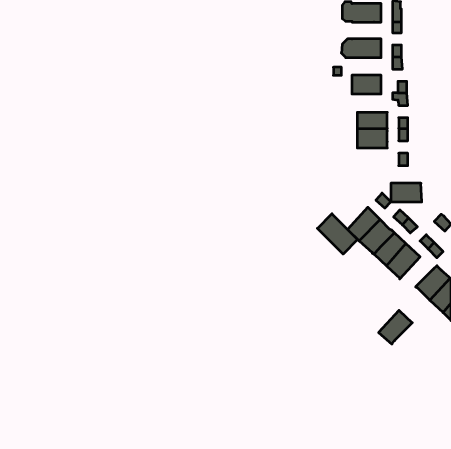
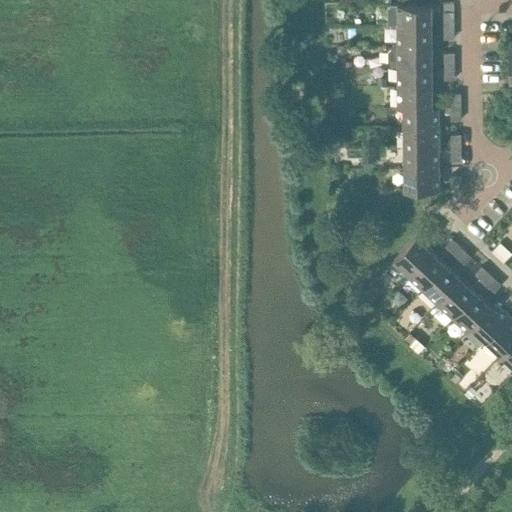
building: none -> [398,29,431,48]
building: none -> [398,69,431,89]
building: none -> [404,110,438,131]
building: [391,183,422,202] -> [404,171,439,192]
building: [317,214,358,254] -> none
building: [379,310,412,344] -> [452,294,490,332]

